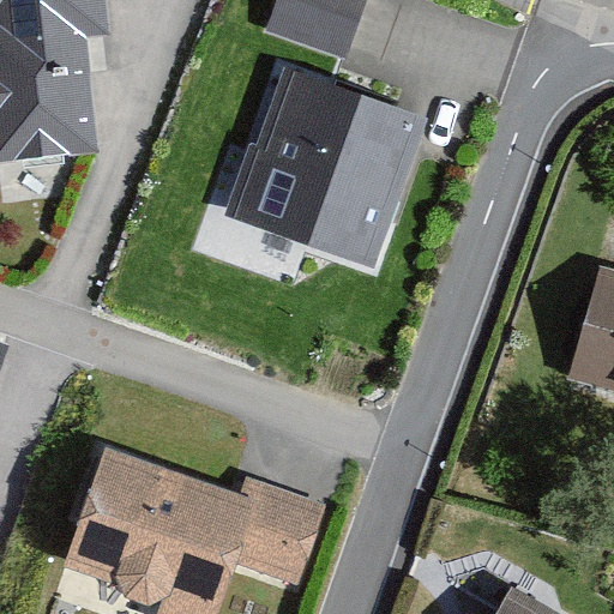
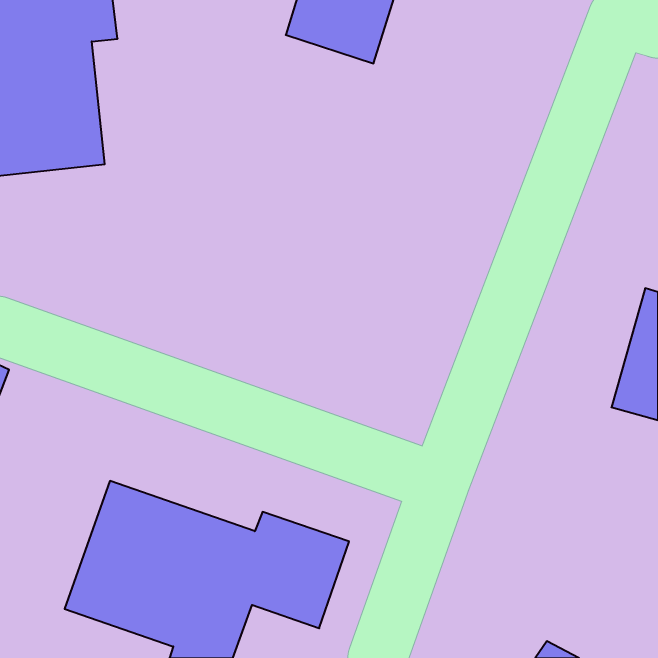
building: [231,67,425,267] -> none

